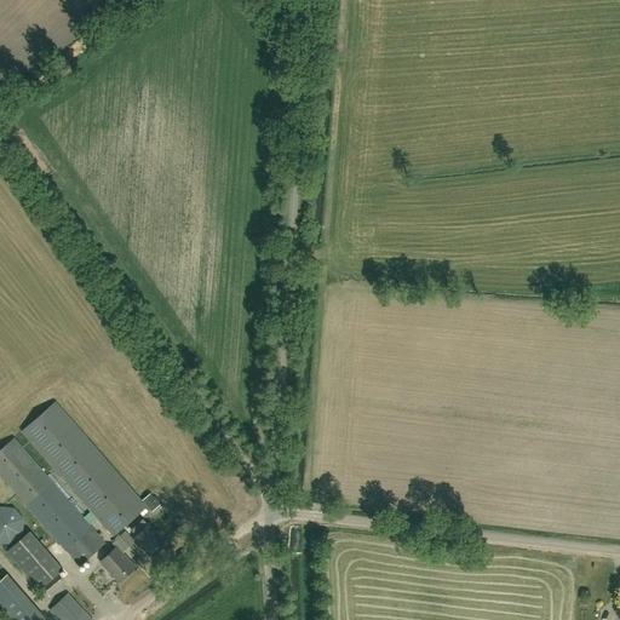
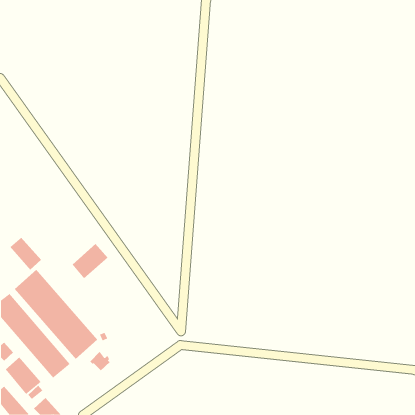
building: none -> [9,237,42,270]
building: none -> [72,243,109,279]
building: [101,546,136,581] -> none

